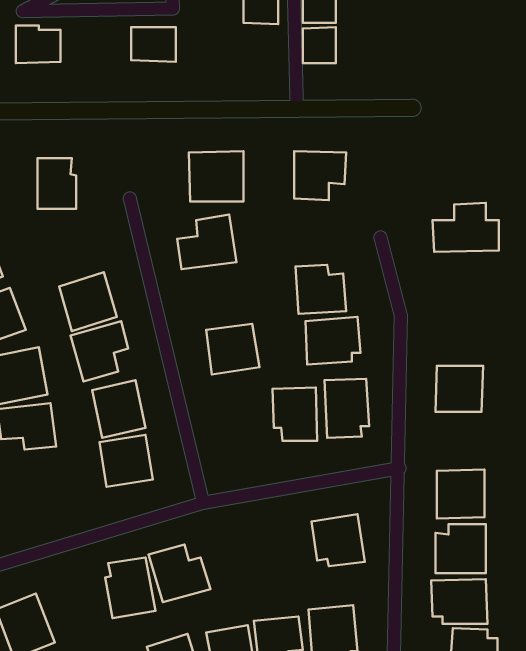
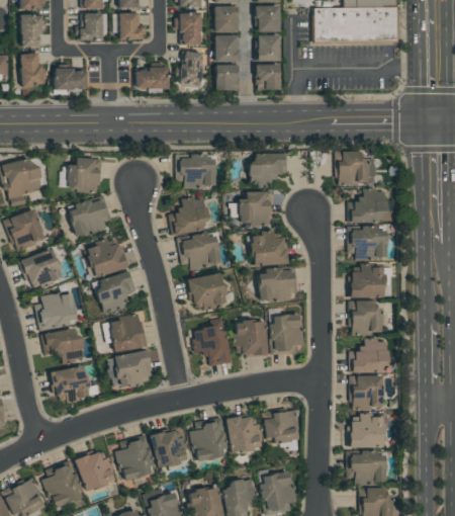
building: none -> [181,52,202,85]
building: none -> [215,65,240,91]
building: none -> [337,151,376,185]
building: none -> [240,191,271,226]
building: none -> [68,199,109,238]
building: none -> [349,227,387,259]
building: none -> [178,233,221,270]
building: none -> [349,264,384,298]
building: none -> [193,325,231,365]
building: none -> [350,339,388,373]
building: none -> [51,364,90,404]
building: none -> [226,414,262,452]
building: none -> [191,418,226,461]
building: none -> [74,450,116,493]

